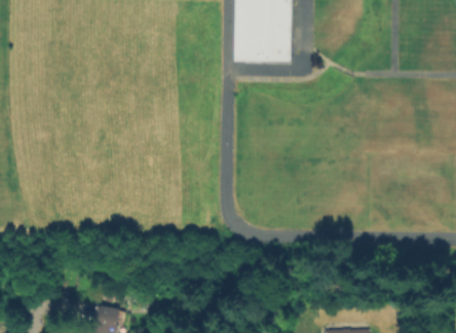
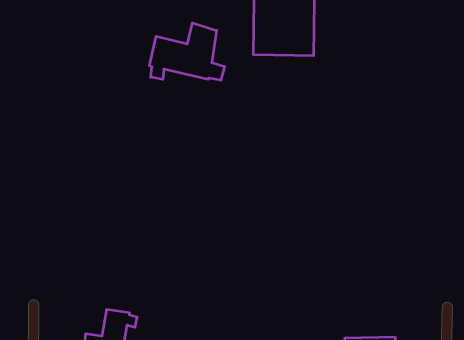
building: none -> [149,23,224,80]

